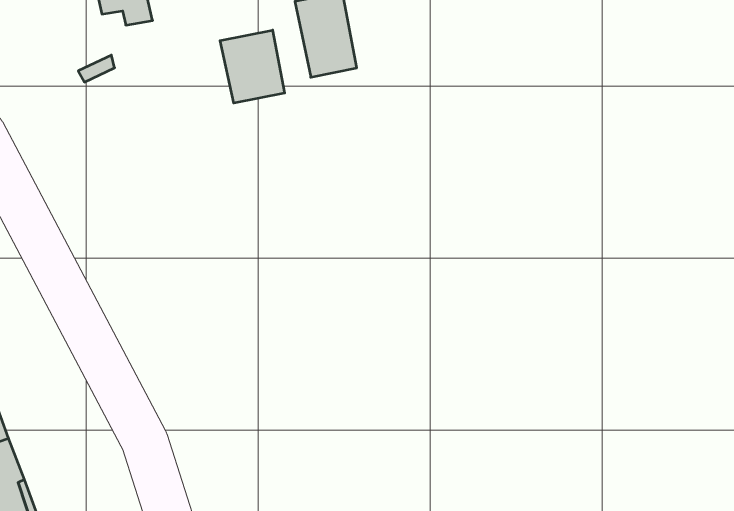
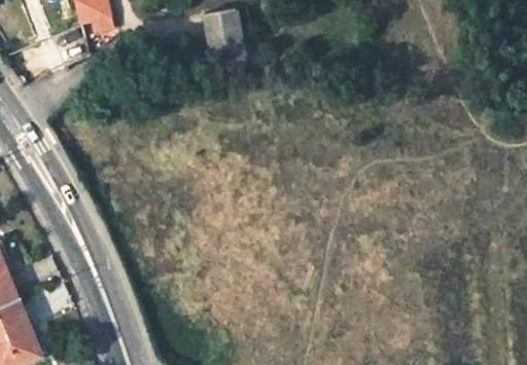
building: [220,30,285,103] -> none

